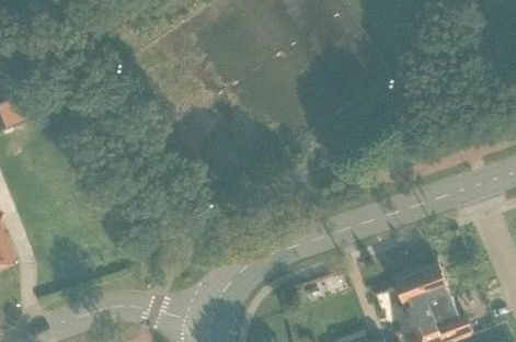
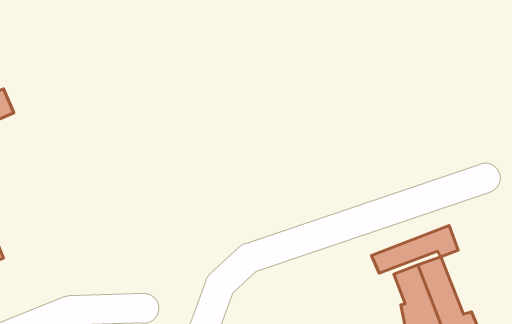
building: none -> [371,225,458,273]

